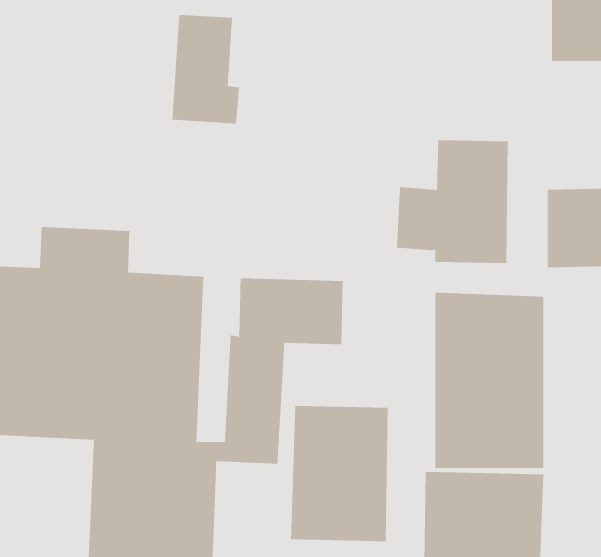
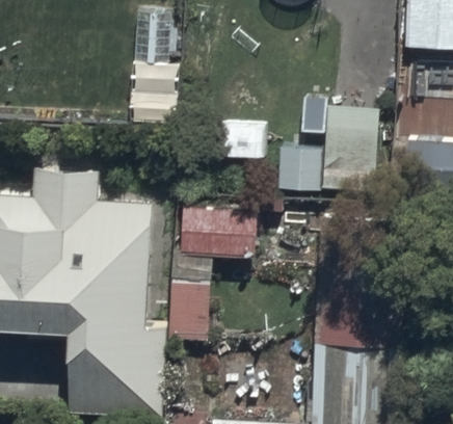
building: [291,405,388,542] -> none

